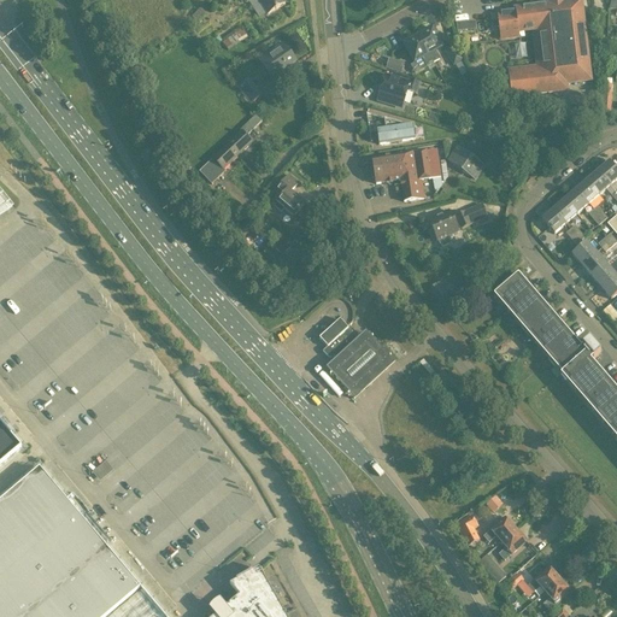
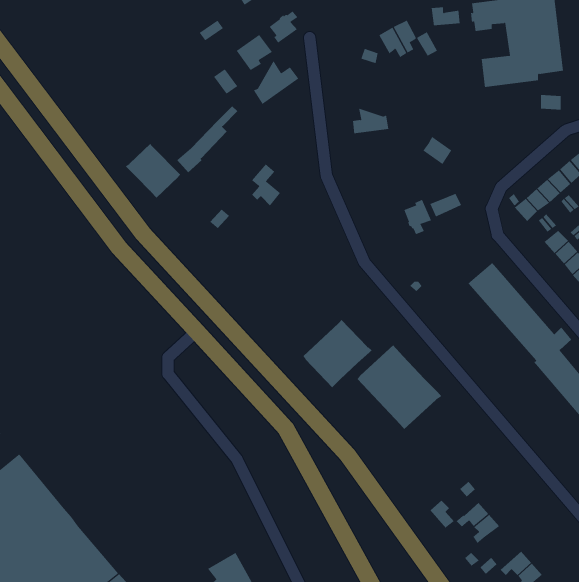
building: none -> [269,11,298,43]
building: none -> [253,60,299,105]
building: [377,71,419,100] -> none
building: [372,146,440,199] -> none
building: none -> [125,143,181,198]
building: [319,317,358,354] -> none
building: none -> [357,344,442,430]

